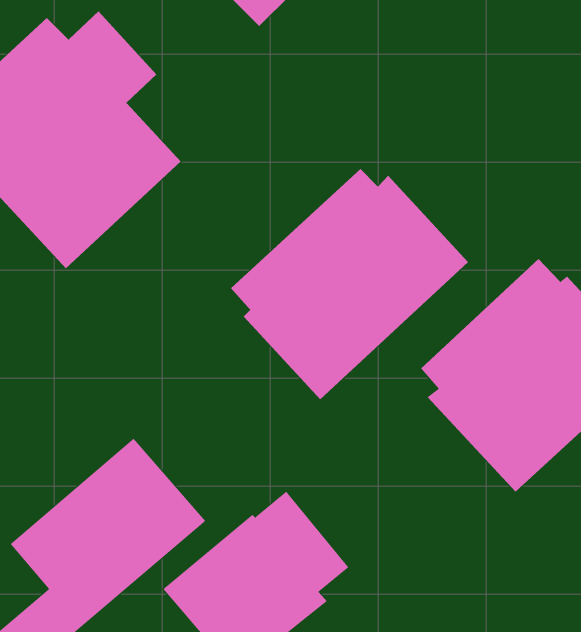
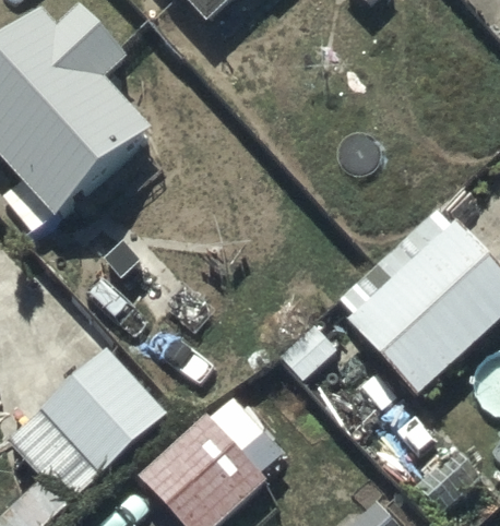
building: [230,168,469,400] -> none

